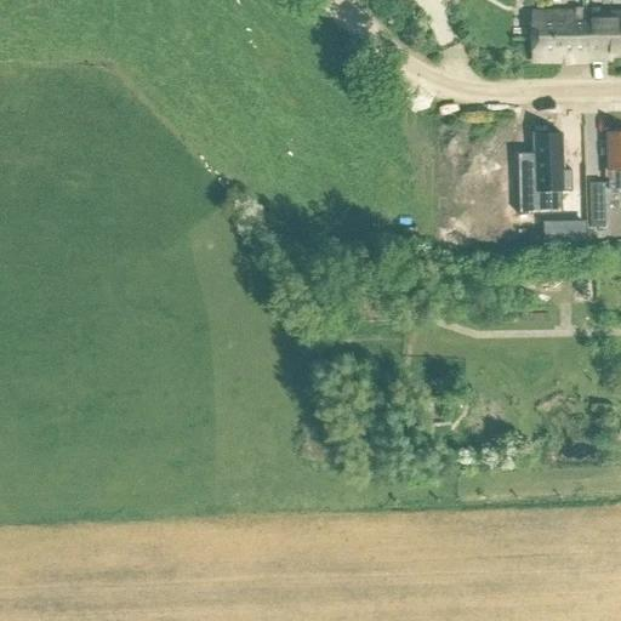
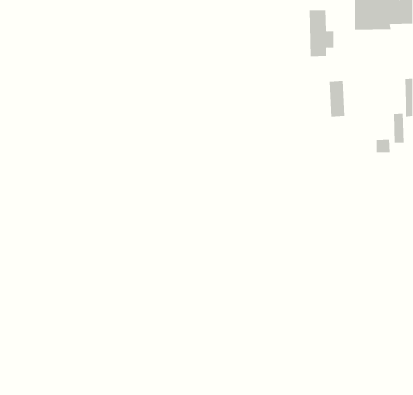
building: [535,136,572,206] -> [309,10,334,57]

